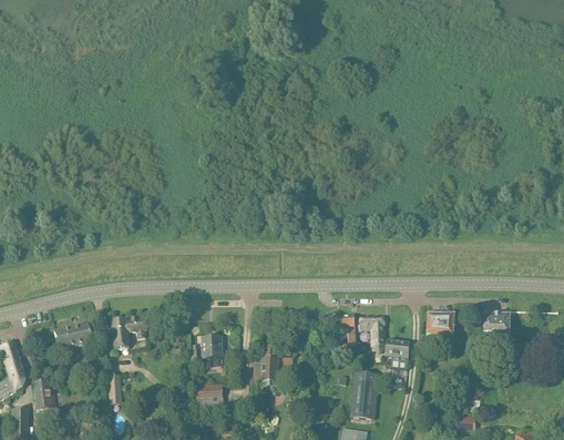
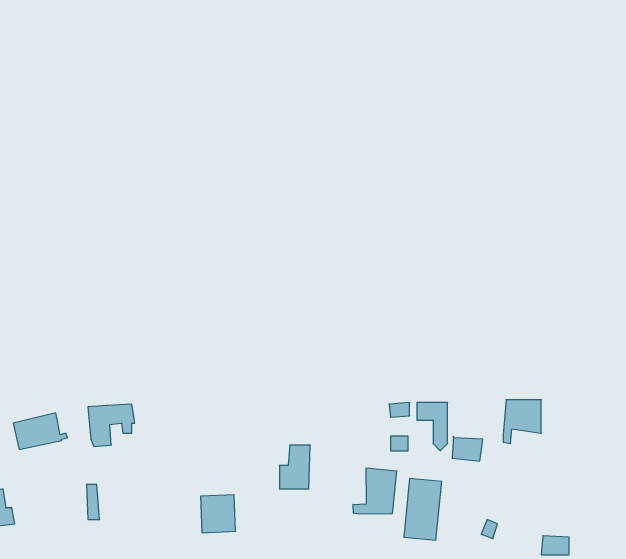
building: [483,311,510,339] -> none
building: [201,335,222,358] -> none
building: none -> [353,468,396,514]

